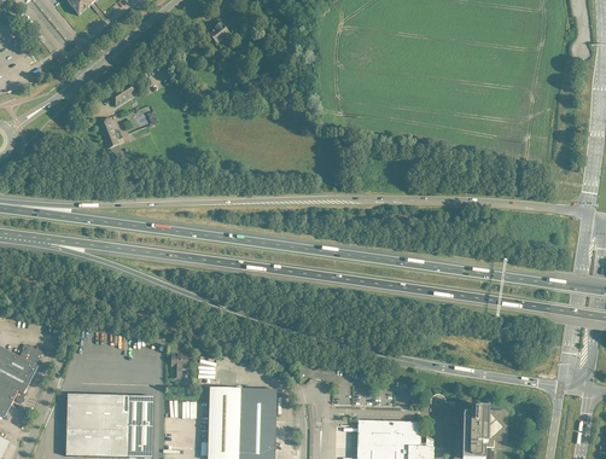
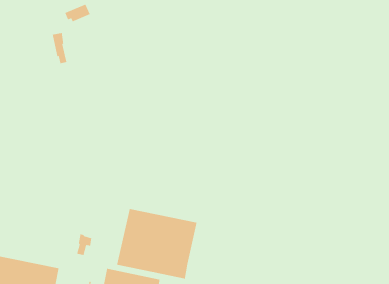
building: none -> [116,208,198,279]

